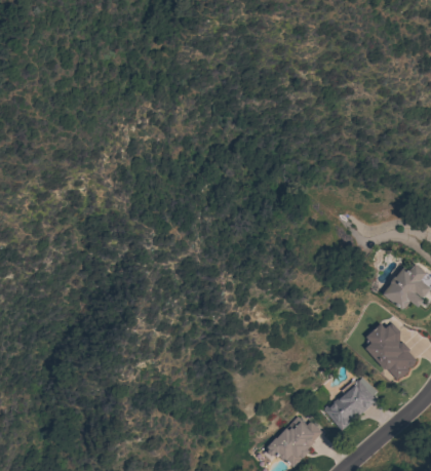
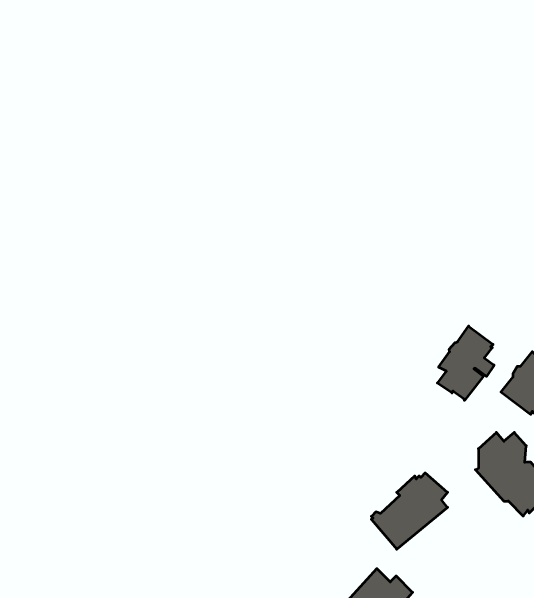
building: none -> [437,326,494,400]
building: [324,377,377,429] -> [371,473,448,549]

